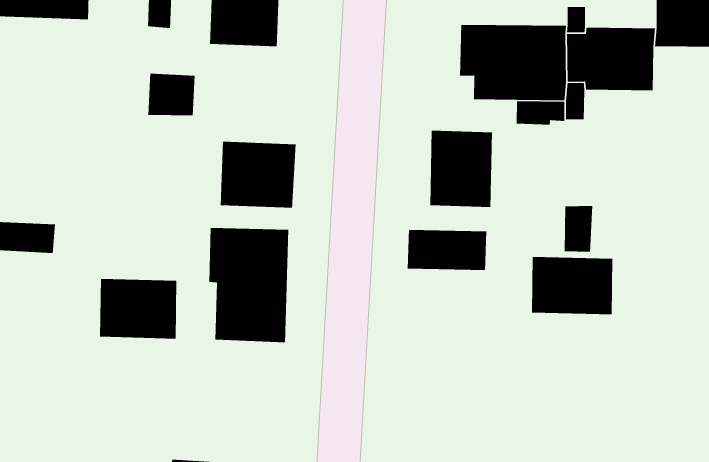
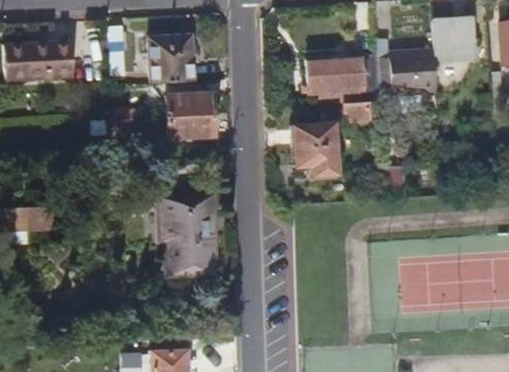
building: [220,141,297,209] -> [163,94,212,138]
building: [407,229,487,271] -> none
building: [531,256,613,315] -> none
building: [99,278,177,339] -> none

